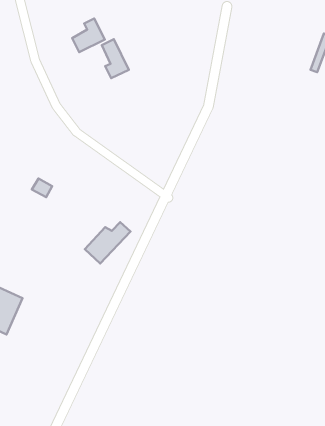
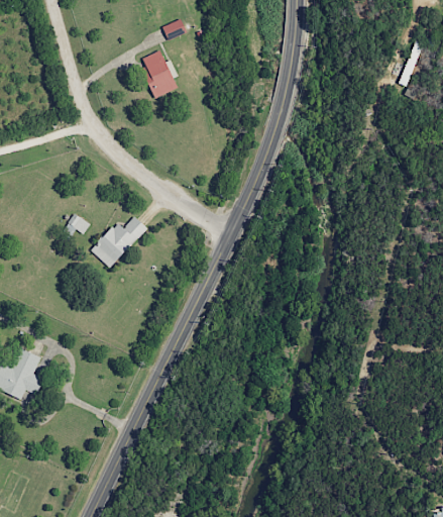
building: [72,19,105,52] -> none
building: [85,222,130,264] -> [92,218,146,268]

